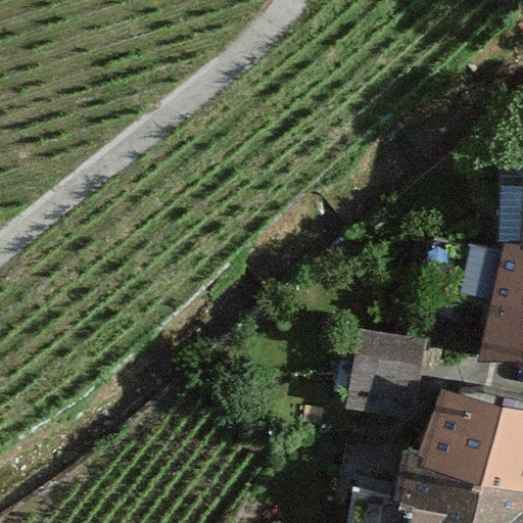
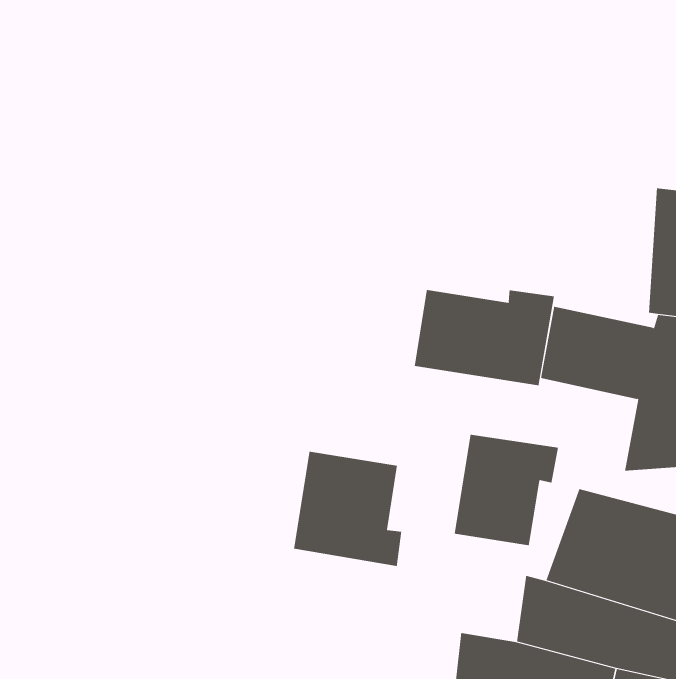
building: none -> [414,289,555,386]
building: none -> [293,451,402,567]

